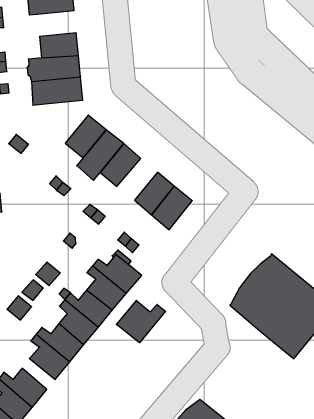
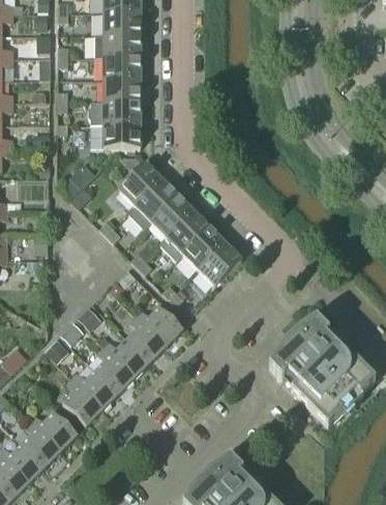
building: none -> [103,56,141,79]
building: none -> [160,211,209,260]
building: [116,300,165,343] -> none

